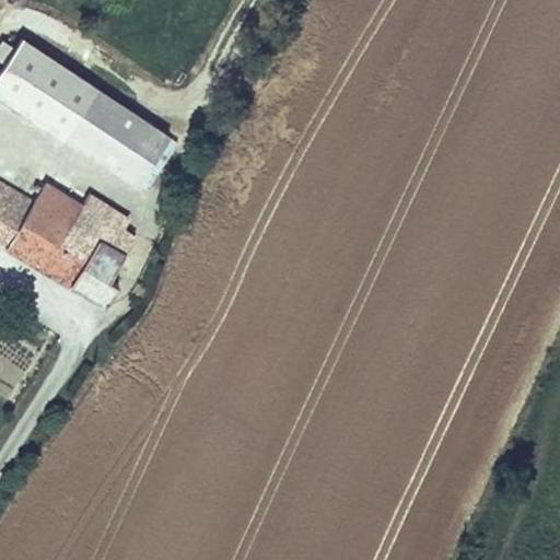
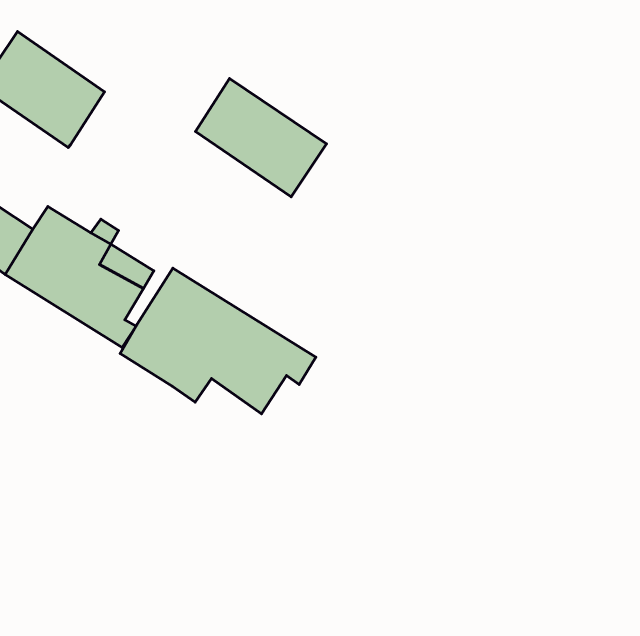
building: [61,86,175,189] -> [195,79,327,197]
building: none -> [120,268,316,414]

